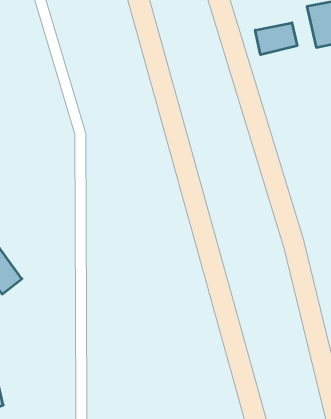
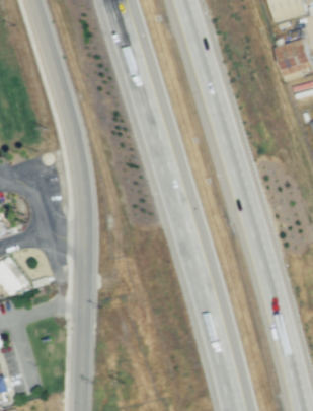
building: [255,23,297,55] -> none

